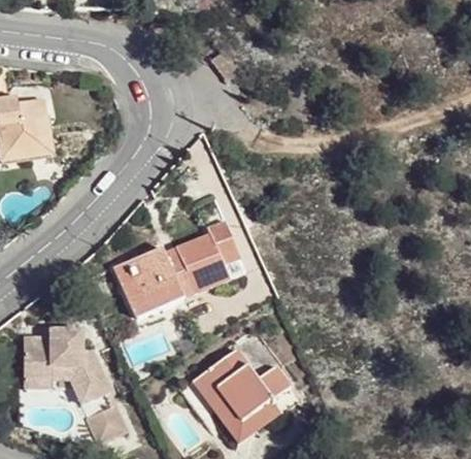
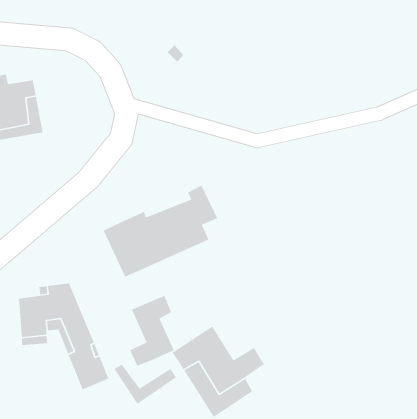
building: none -> [129,295,175,367]
building: none -> [113,363,177,405]

